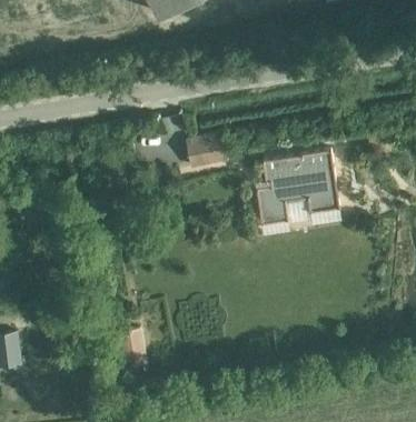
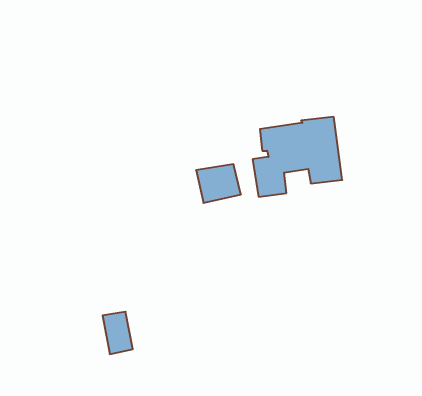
building: [187,137,228,172] -> [196,164,241,203]

